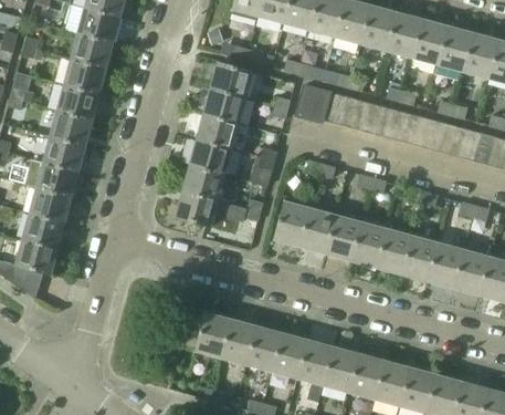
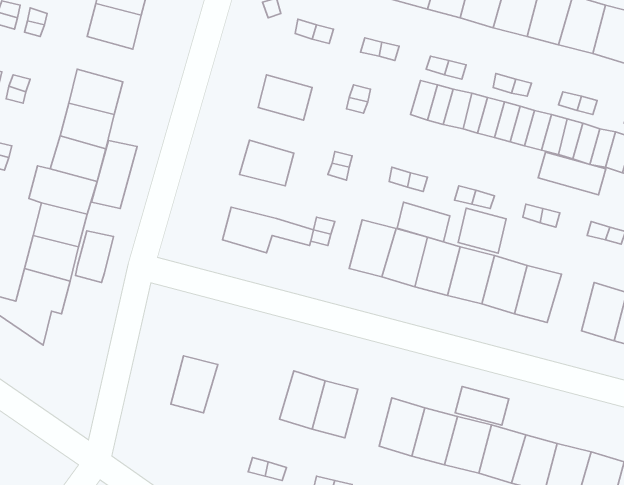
building: [63,58,106,93] -> none
building: [210,61,252,97] -> none
building: [296,84,329,122] -> none
building: [197,113,239,148] -> none
building: none -> [92,140,137,208]
building: none -> [538,152,606,195]
building: [182,165,224,199] -> none
building: none -> [397,202,450,242]
building: none -> [458,208,506,253]
building: none -> [76,231,114,282]
building: [428,242,464,287] -> none
building: [194,311,231,355] -> [171,356,218,413]
building: none -> [455,387,509,425]
building: [271,332,307,376] -> none

